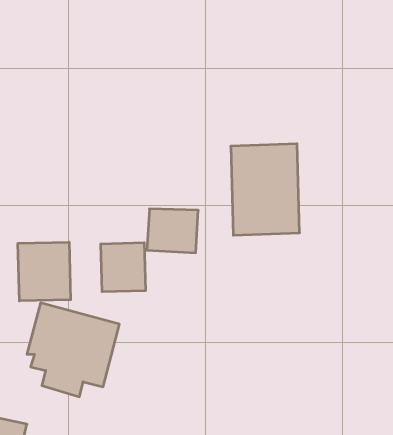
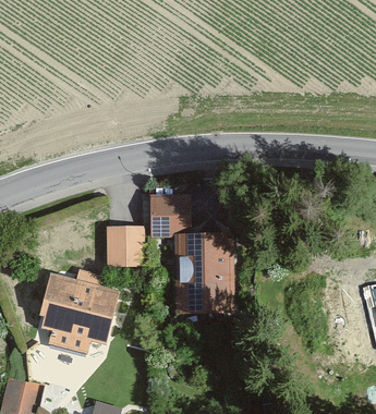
building: [231,144,300,235] -> [177,234,236,314]
building: [18,242,71,301] -> none

